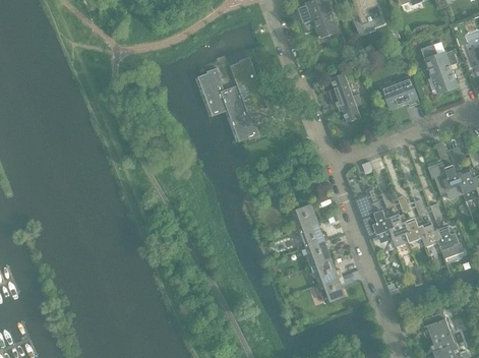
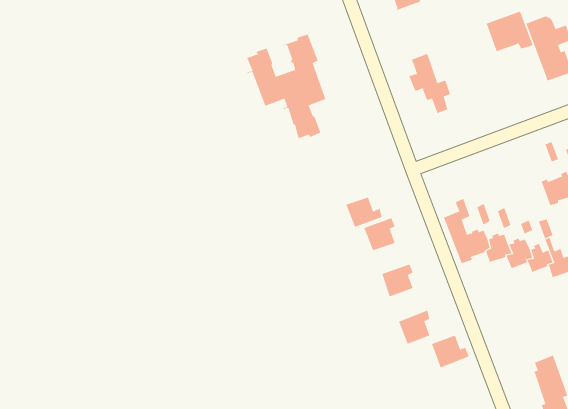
building: [381,76,419,109] -> [486,11,533,52]
building: [299,223,328,247] -> [345,197,383,228]
building: [312,258,343,285] -> [431,335,470,368]

